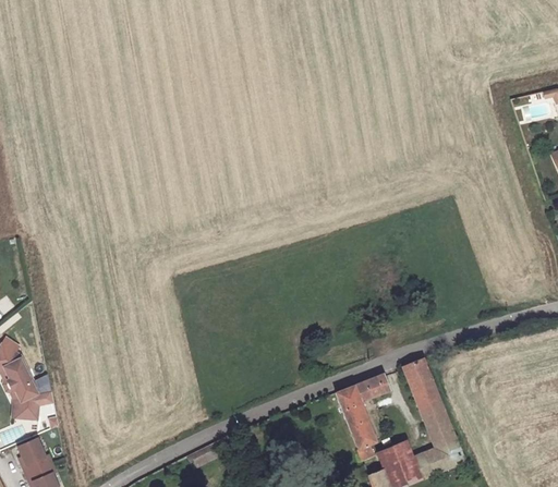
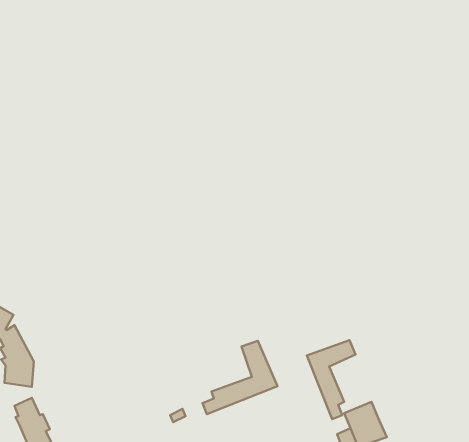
building: [395,360,464,478] -> none
building: none -> [203,341,278,414]

